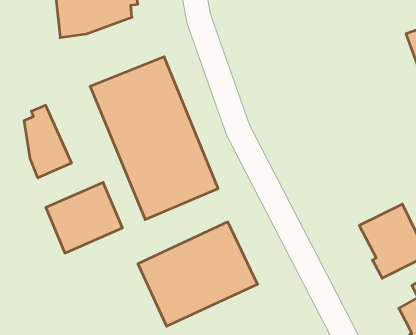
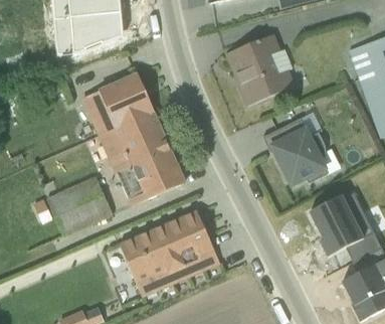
building: none -> [225,35,297,108]
building: [24,105,71,178] -> none
building: none -> [273,125,334,188]

